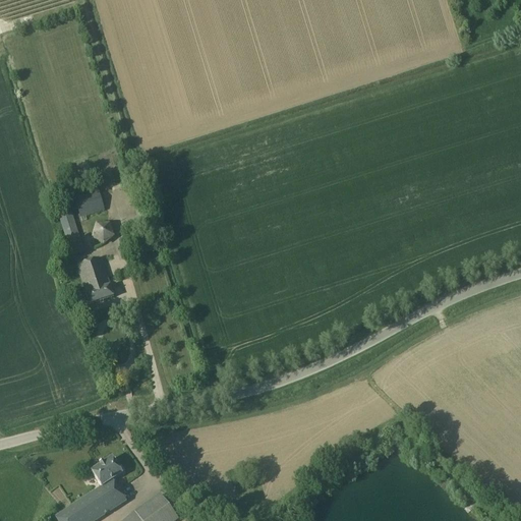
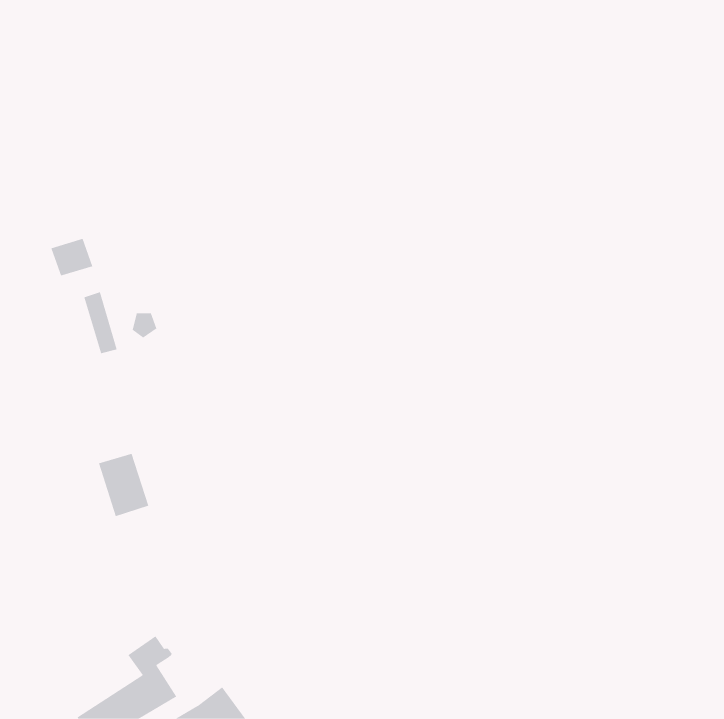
building: [74,188,105,216] -> [51,238,93,276]
building: [77,257,114,303] -> [98,453,149,517]

